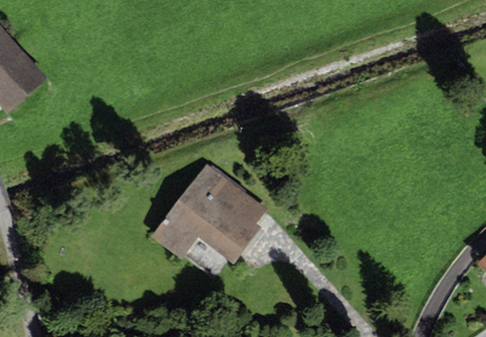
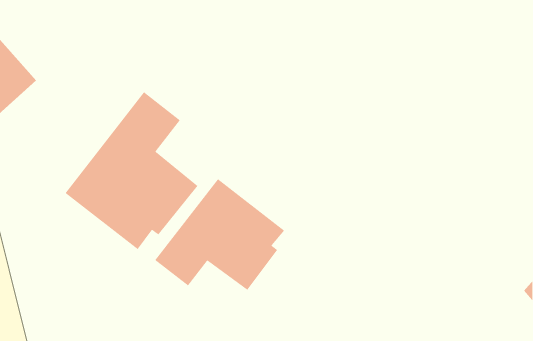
building: none -> [64,91,198,250]

